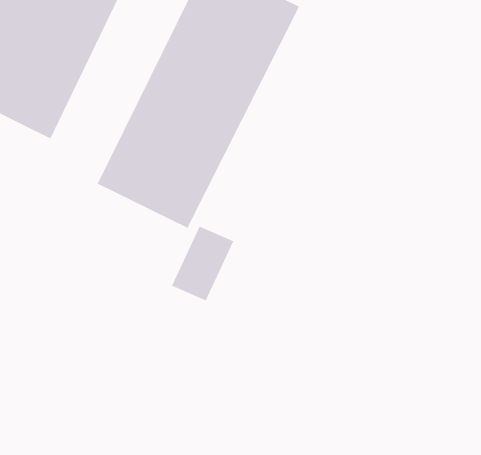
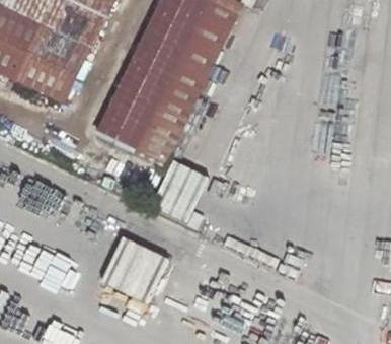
building: none -> [99,240,159,304]

